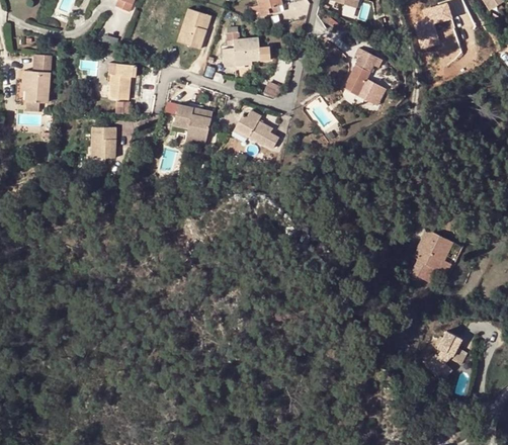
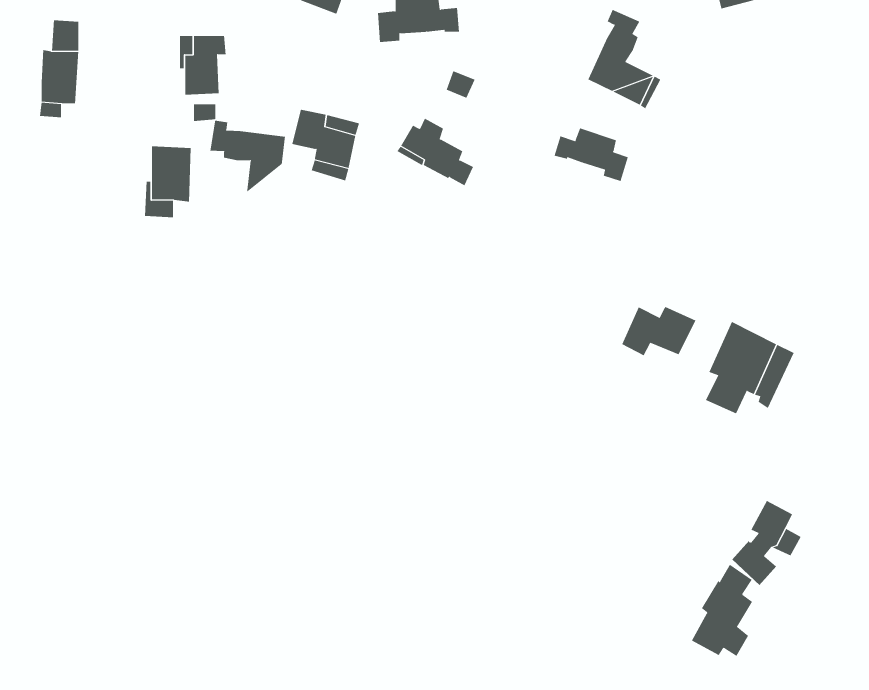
building: none -> [210,120,285,193]
building: none -> [554,128,628,182]
building: none -> [621,306,696,356]
building: none -> [691,564,753,657]

